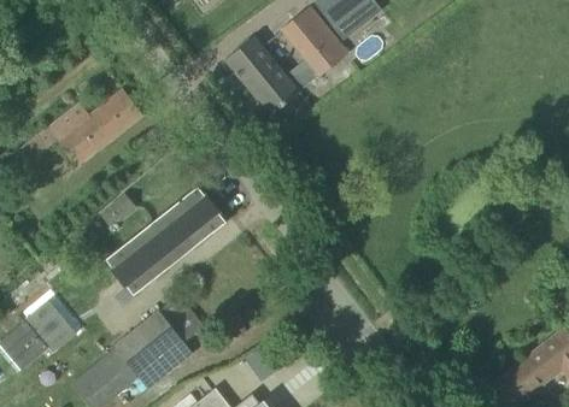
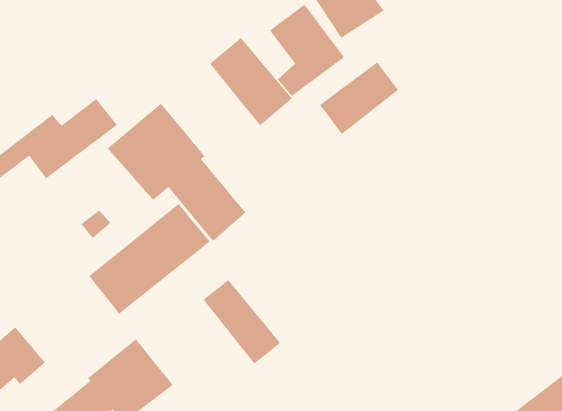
building: none -> [319,61,399,135]
building: none -> [107,103,246,242]
building: none -> [203,279,281,364]

